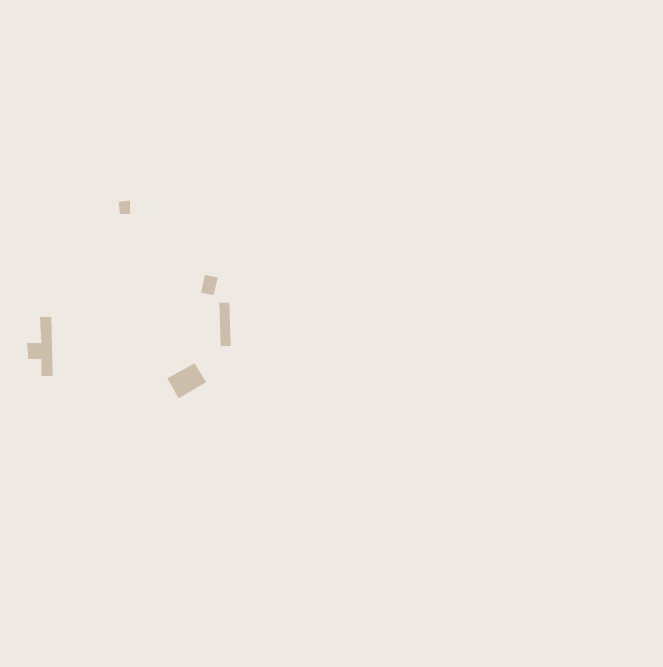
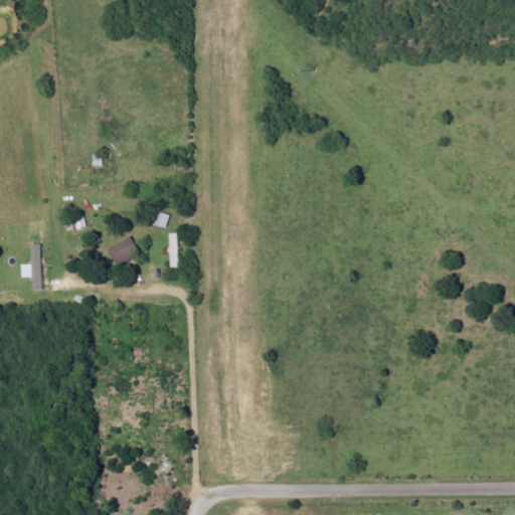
building: [166,363,207,399] -> [107,236,138,265]

